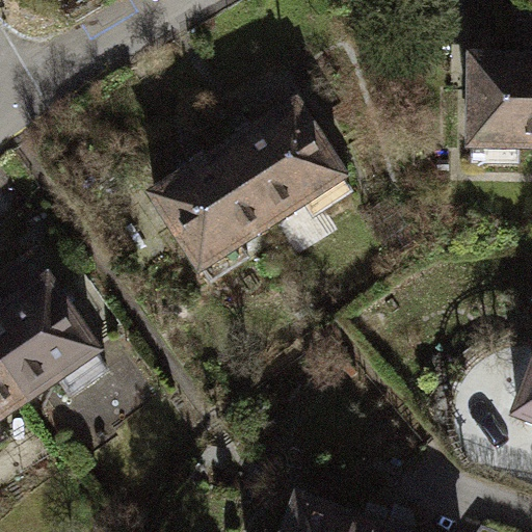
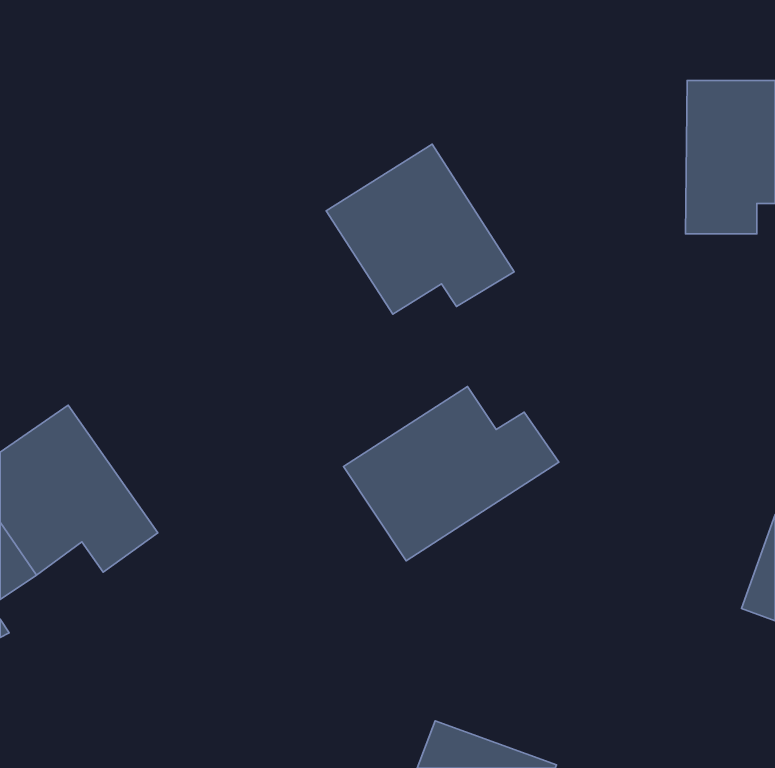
building: [153,144,269,278] -> none
building: none -> [343,387,559,561]

